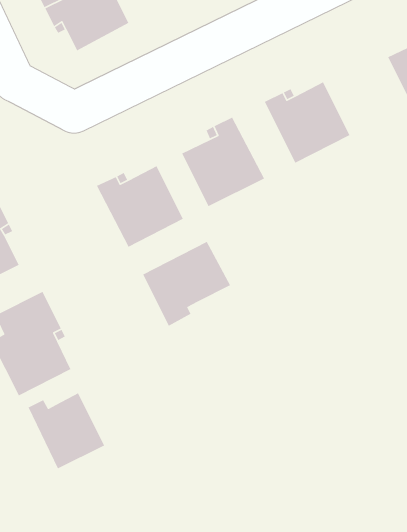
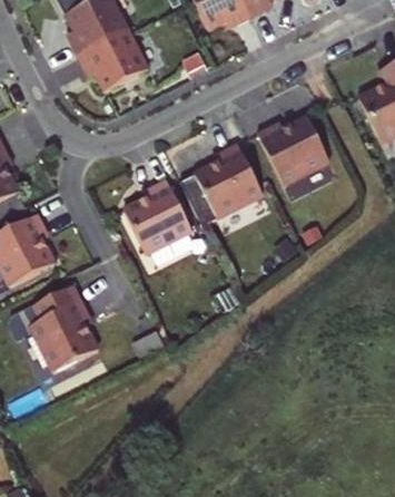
building: [142,241,231,327] -> none
building: [27,392,105,469] -> none

